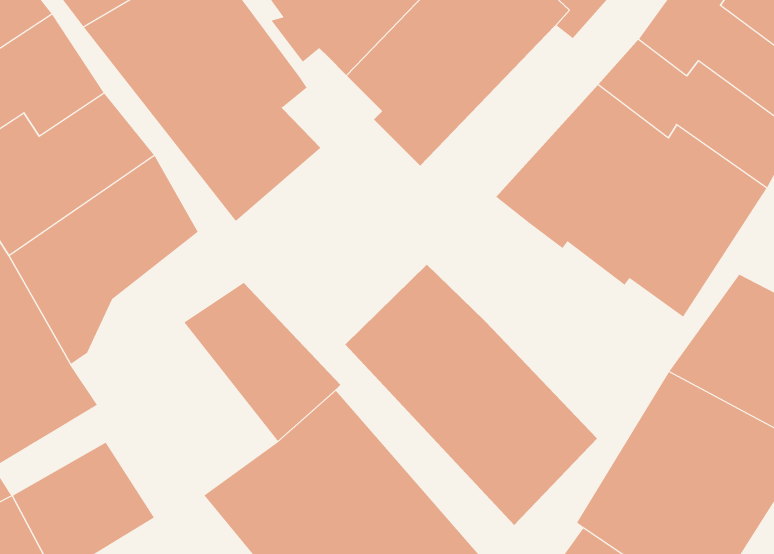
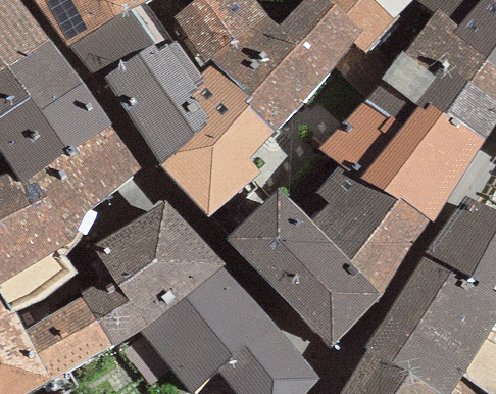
building: none -> [160,63,272,218]
building: none -> [312,164,433,295]
building: none -> [82,225,186,347]

